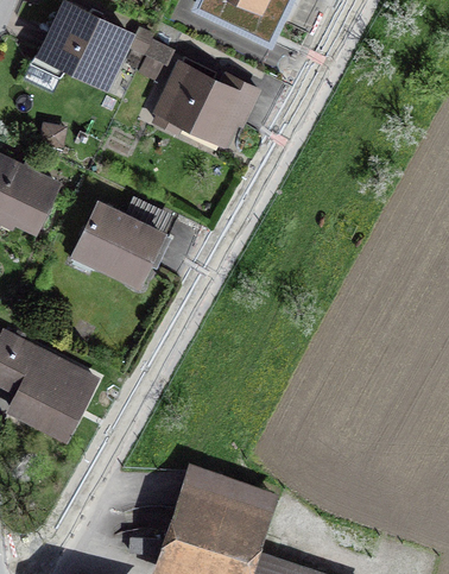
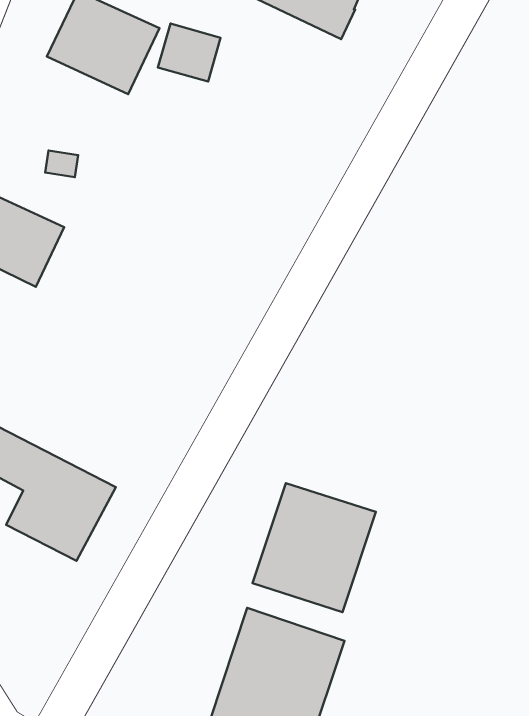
building: [154,65,257,140] -> none
building: [77,204,167,282] -> none
building: none -> [252,483,376,612]

